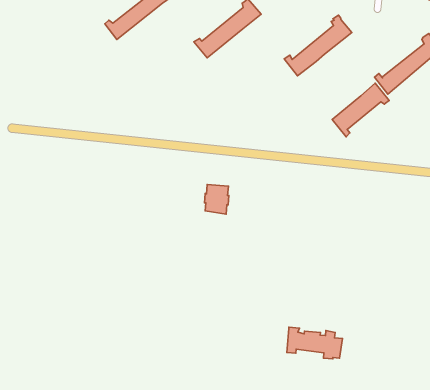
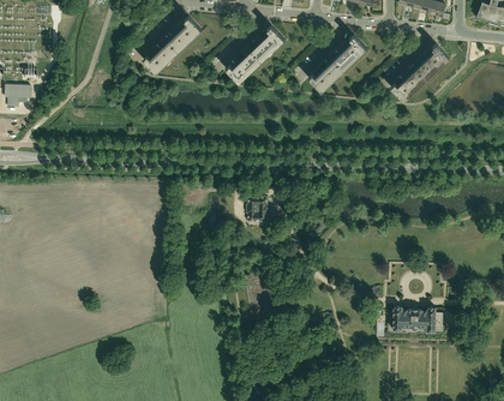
building: [332,83,389,137] -> none
building: [287,327,343,359] -> [394,306,443,331]

